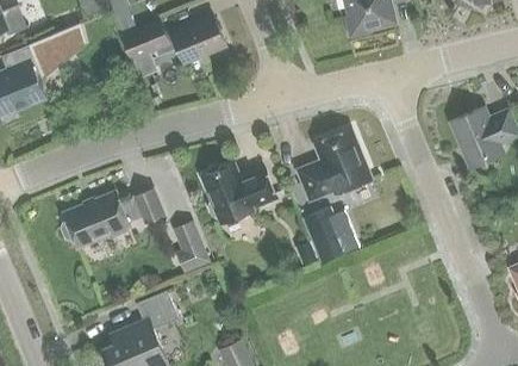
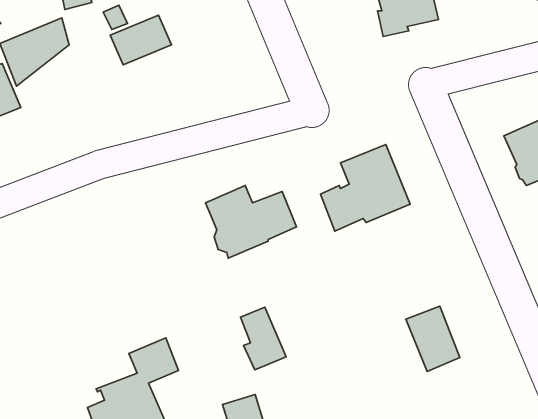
building: [170,17,225,63] -> none
building: [61,188,164,249] -> none
building: [302,207,348,262] -> [406,306,460,372]
building: [171,221,210,273] -> [241,307,286,370]

